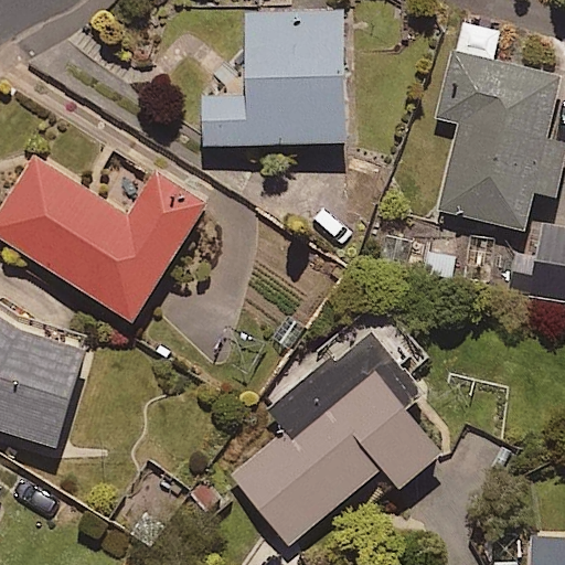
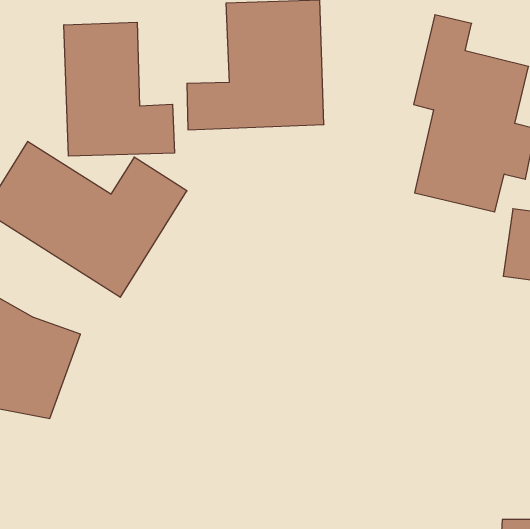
building: none -> [64,22,174,156]
building: [228,328,440,544] -> none

